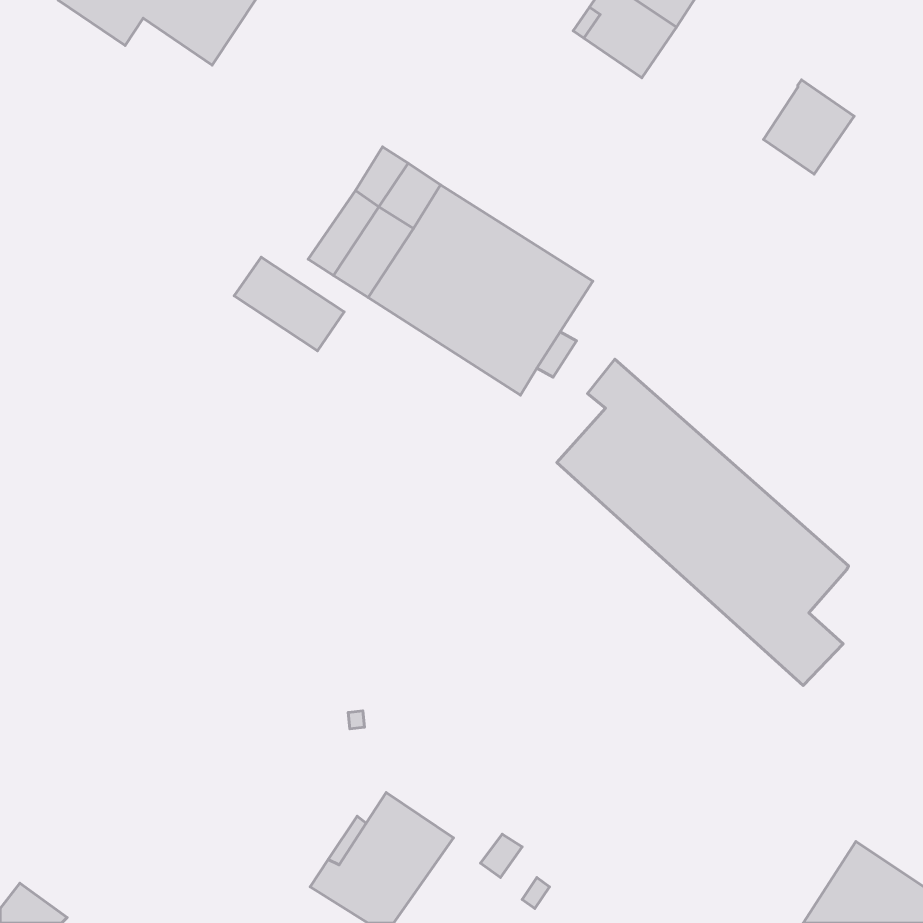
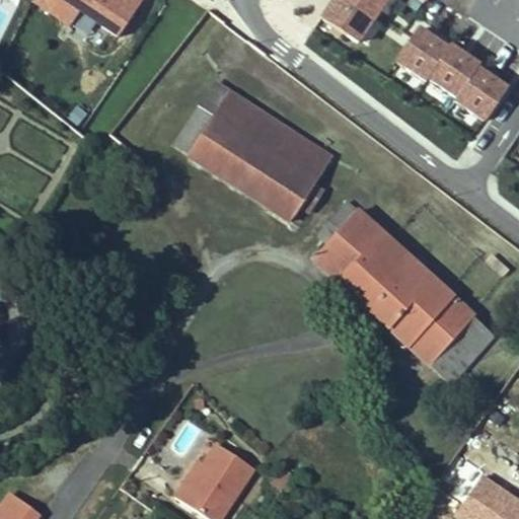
building: none -> [397,28,448,81]
building: none -> [455,68,507,121]
building: [234,257,344,351] -> none
building: none -> [454,318,495,360]

